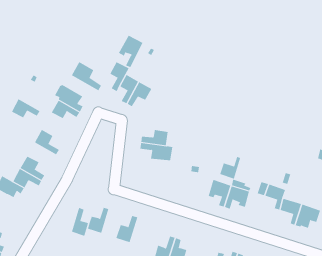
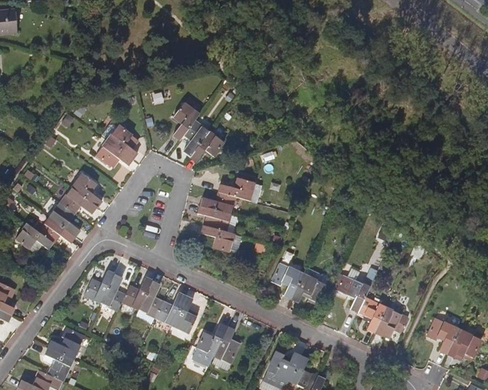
building: [118,35,143,68] -> none
building: [71,61,102,91] -> none
building: [11,98,41,118] -> [60,187,96,212]
building: none -> [219,177,263,202]
building: [219,156,241,179] -> none
building: none -> [202,224,243,250]
building: none -> [84,270,114,302]
building: none -> [135,280,162,323]
building: none -> [171,295,197,332]

